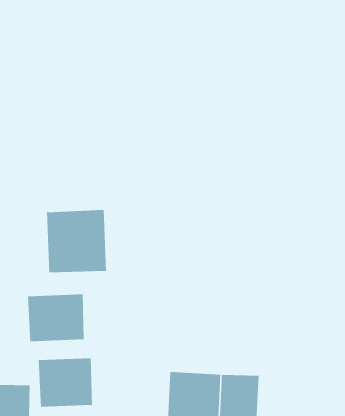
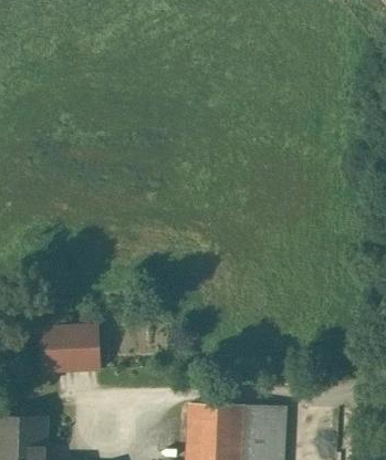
building: [46,209,107,273] -> none
building: [38,358,92,407] -> none

